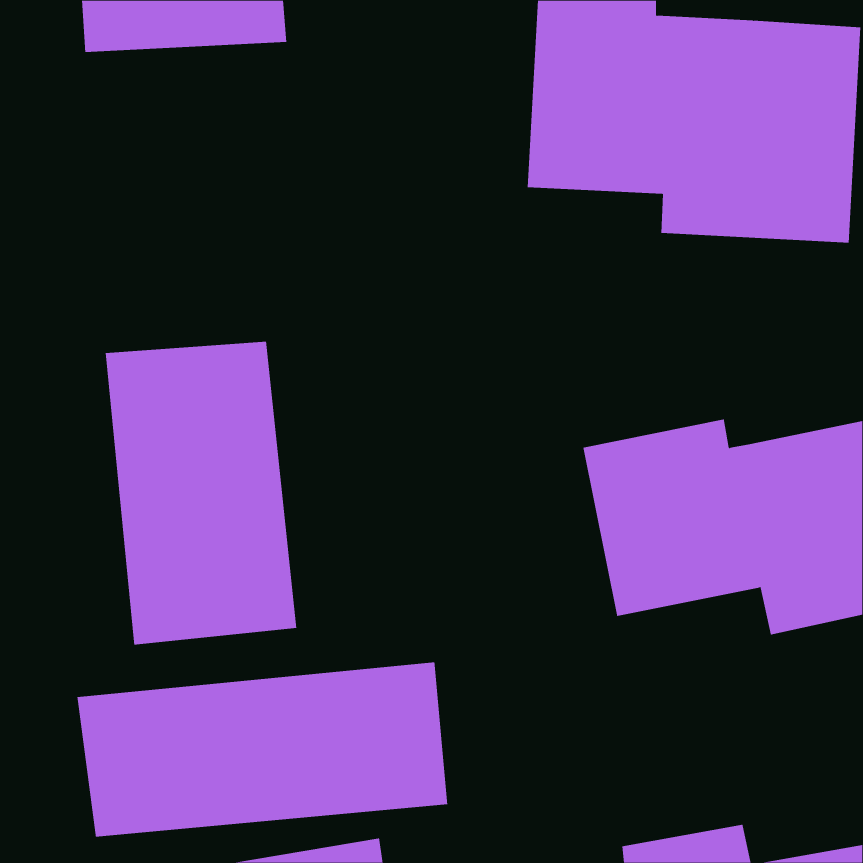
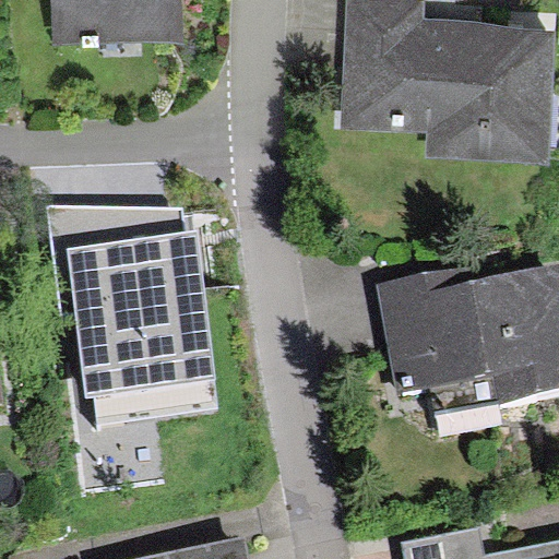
building: [77,661,448,838] -> none

